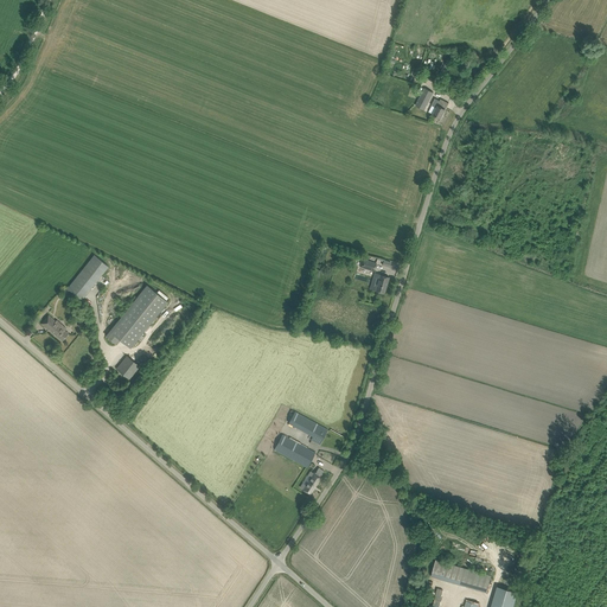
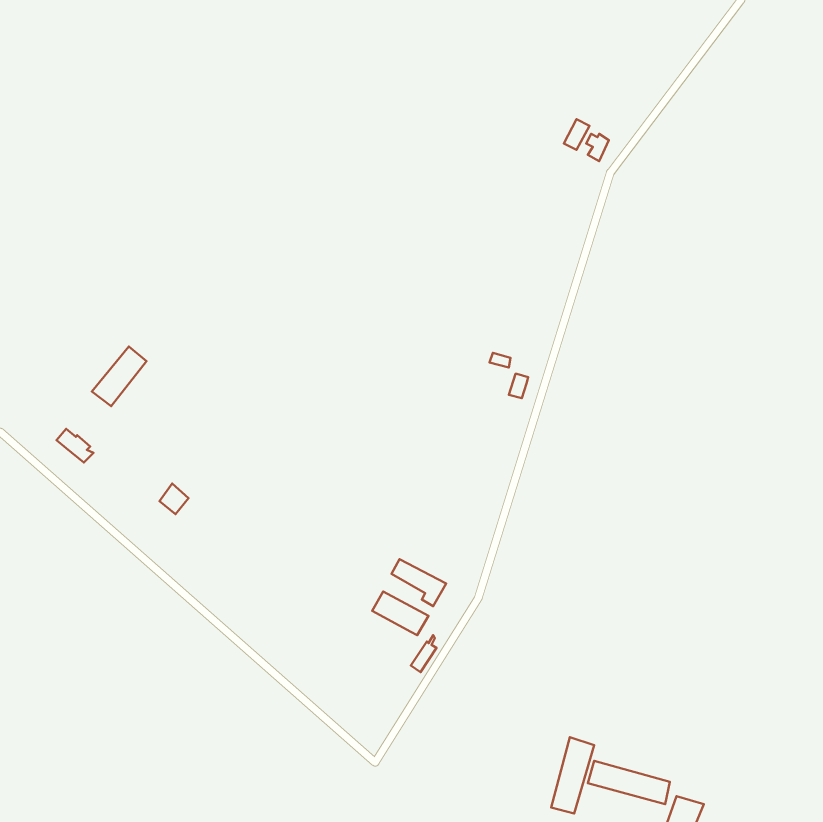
building: [106,286,167,349] -> none
building: none -> [551,737,594,814]

